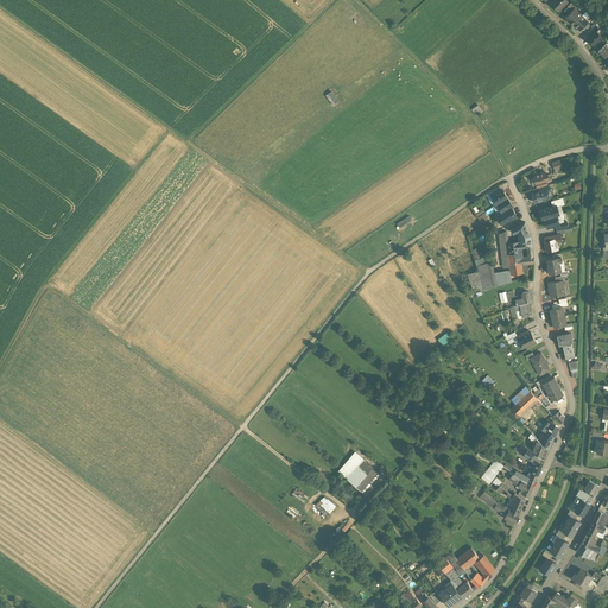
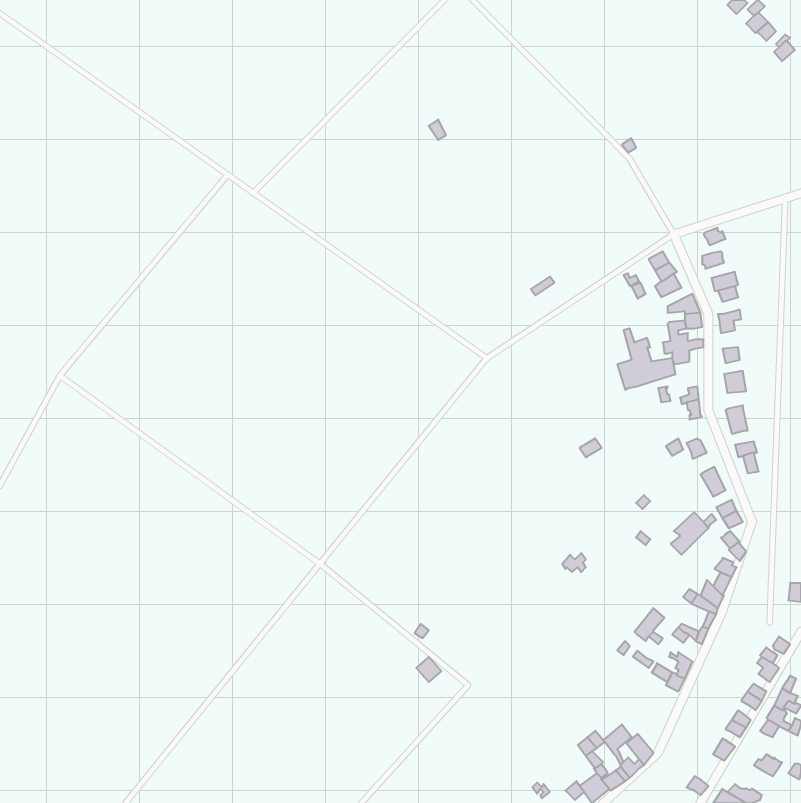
building: [337,452,379,493] -> none

